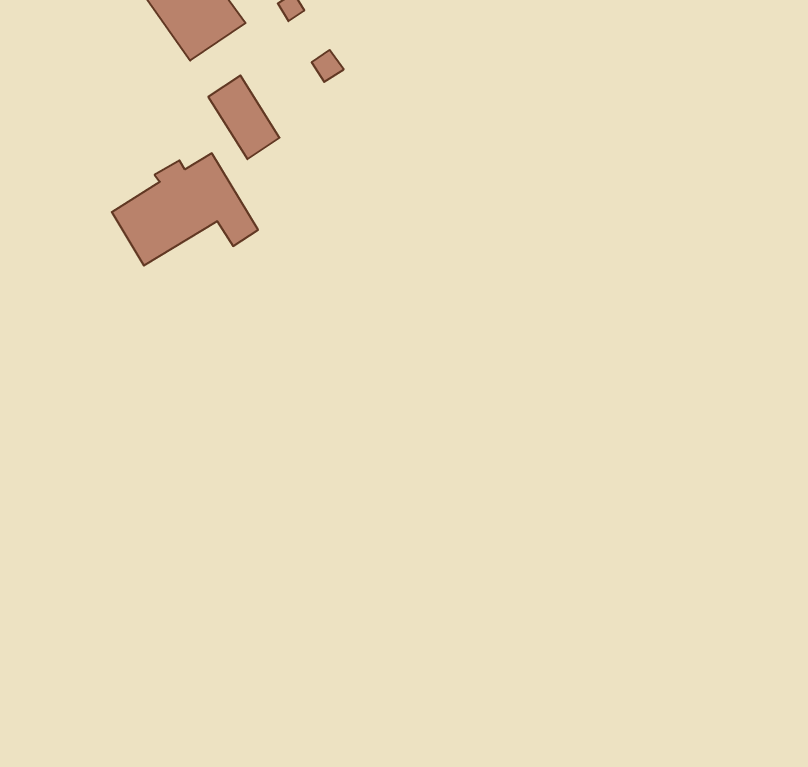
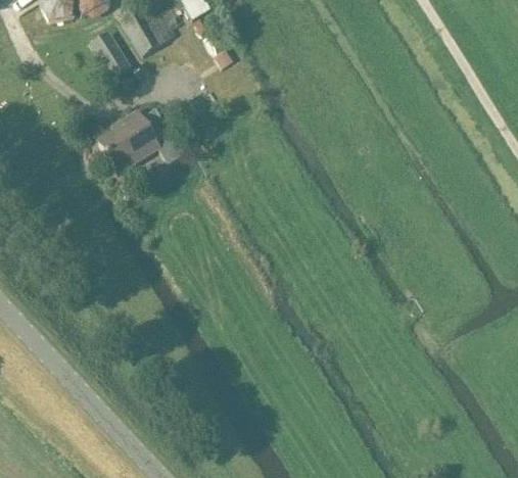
building: [208,75,280,159] -> [90,32,131,80]

